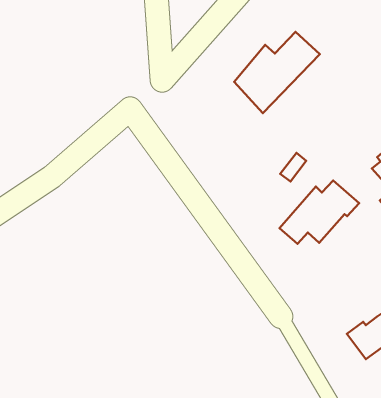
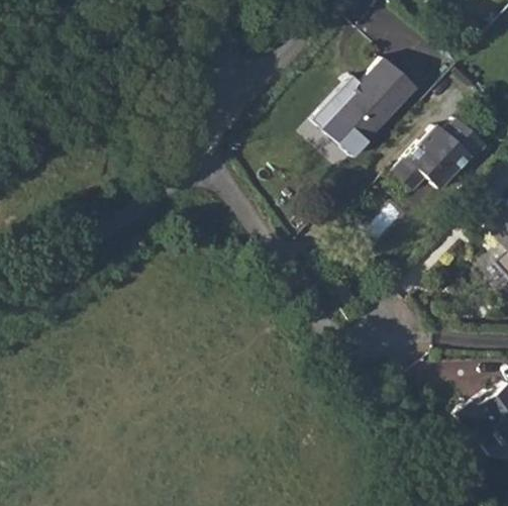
building: [279,181,359,244] -> [392,118,485,192]

